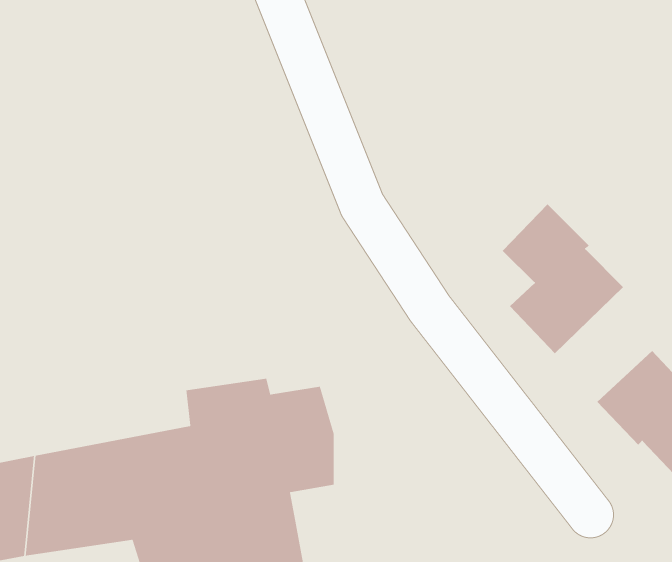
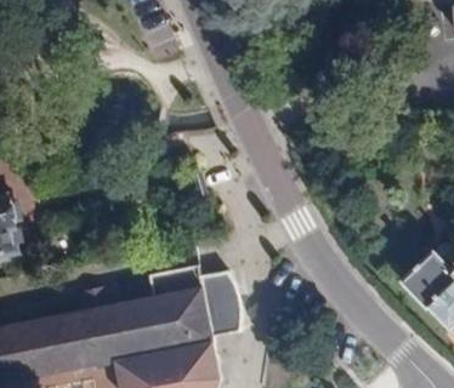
building: [502,203,624,354] -> none

